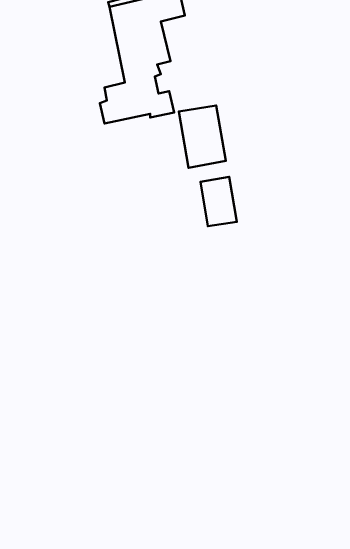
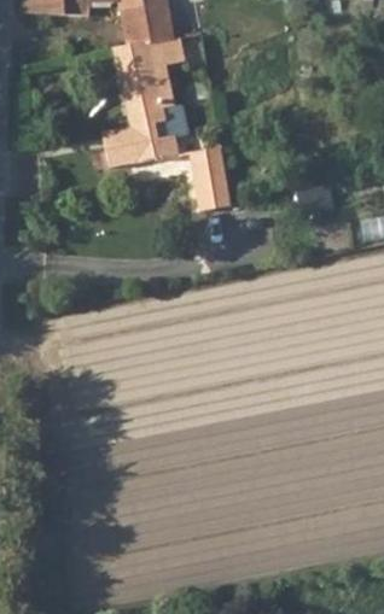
building: [201,177,237,226] -> none

